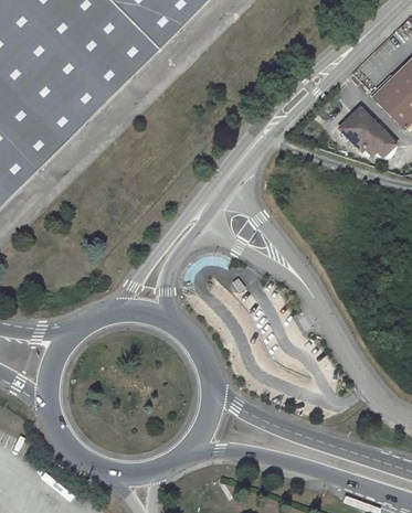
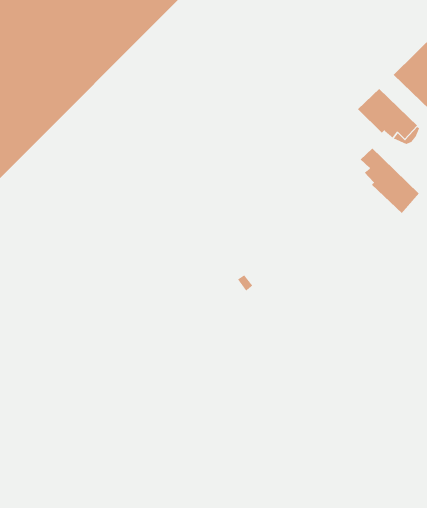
building: none -> [360,147,419,214]

